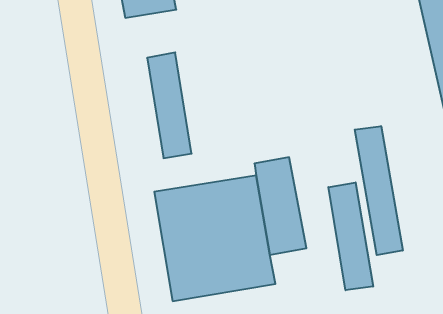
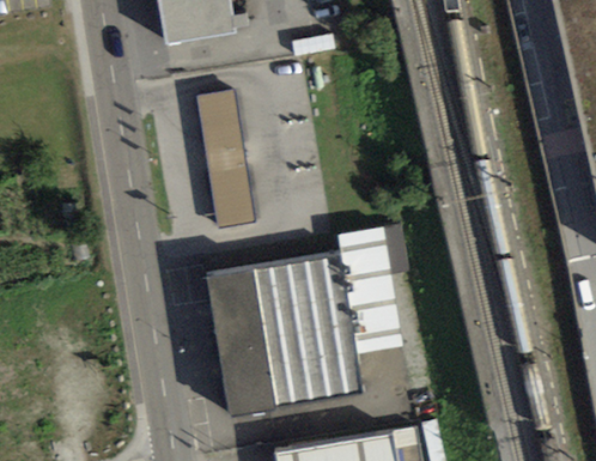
building: [355,126,403,255] -> none
building: [328,182,373,290] -> none

